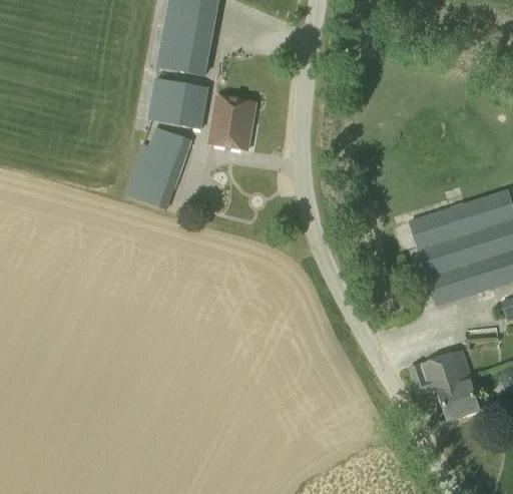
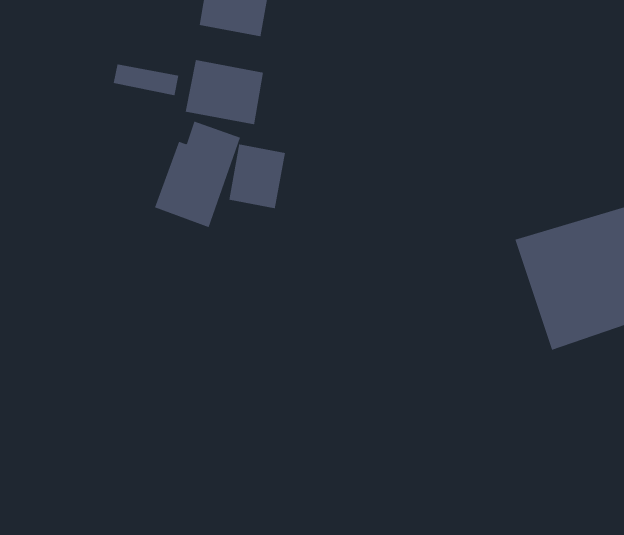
building: [156,51,208,76] -> [113,64,179,96]
building: [209,97,254,148] -> [228,144,286,209]
building: [410,351,480,420] -> none

